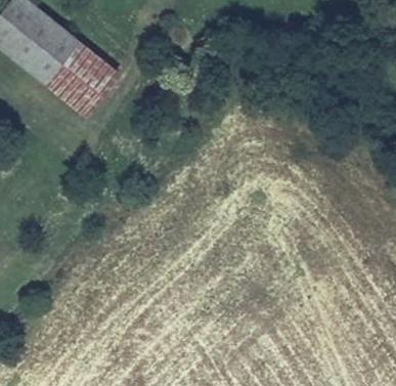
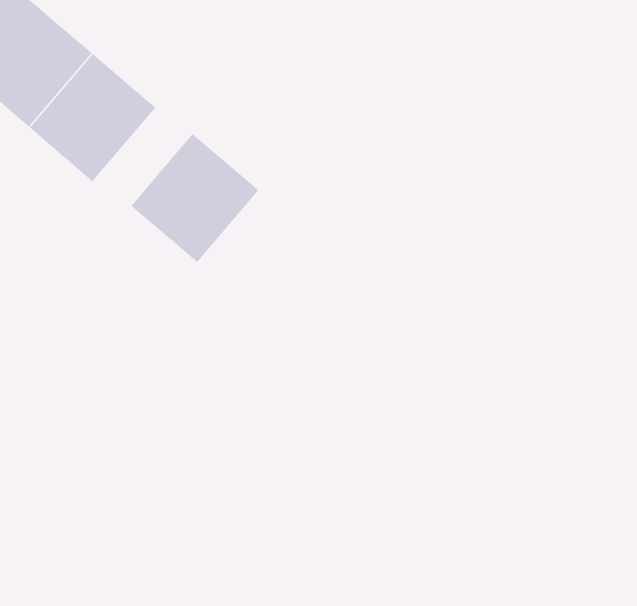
building: none -> [130,133,259,263]

